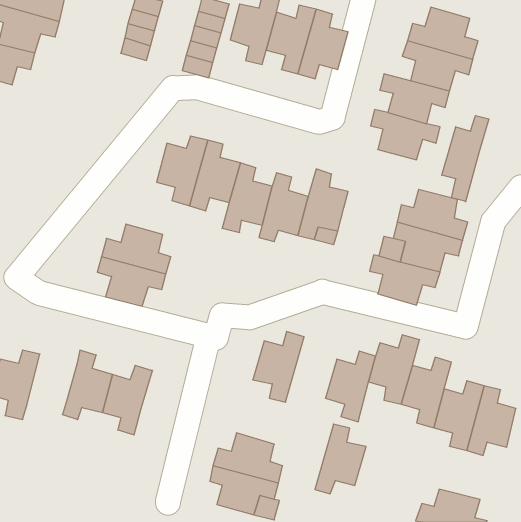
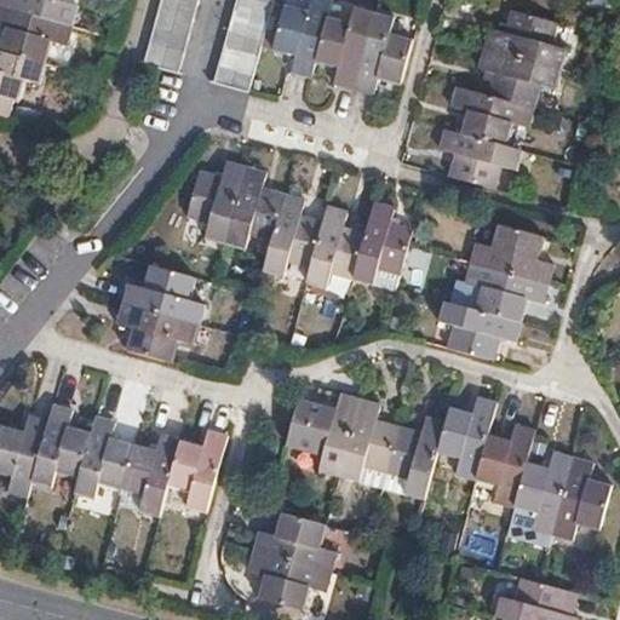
building: [442,116,489,202] -> none
building: none -> [31,402,91,484]
building: none -> [167,429,226,511]
building: [315,424,366,494] -> [338,398,398,481]

